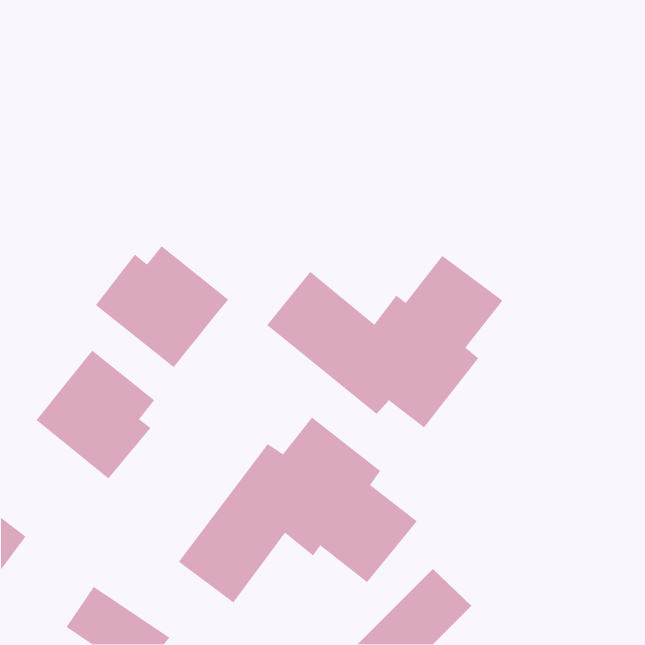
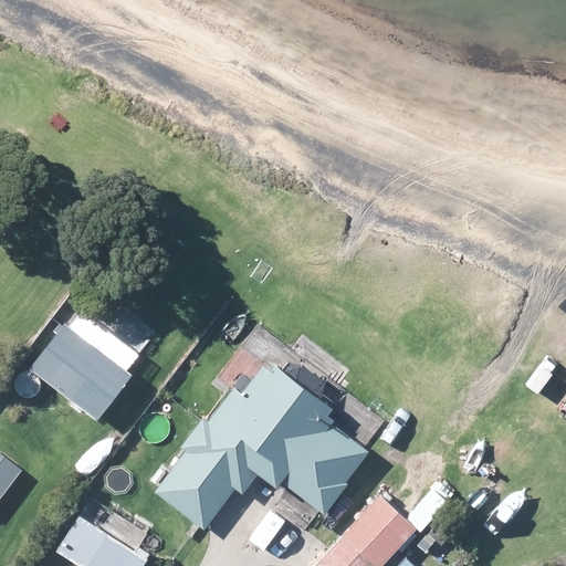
building: [95,245,229,368] -> none
building: [266,255,503,428] -> none

